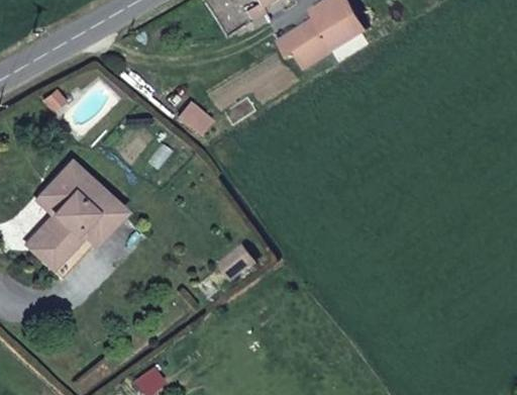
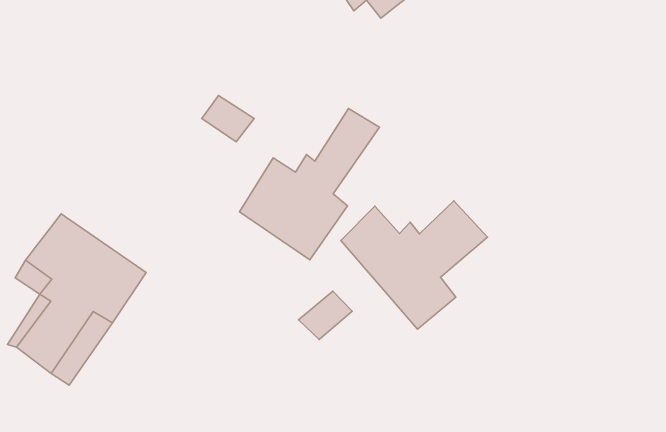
building: none -> [240,109,379,260]
building: none -> [341,201,487,329]

